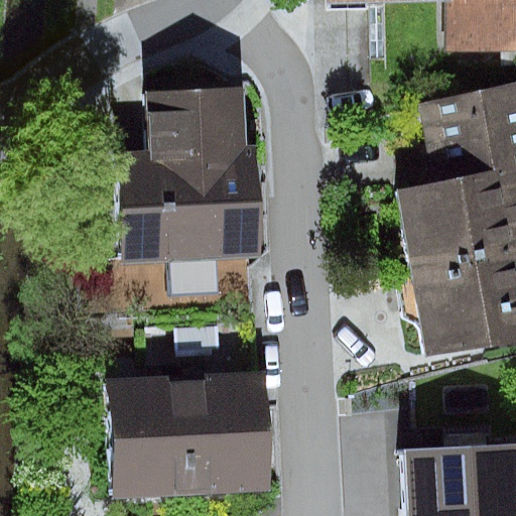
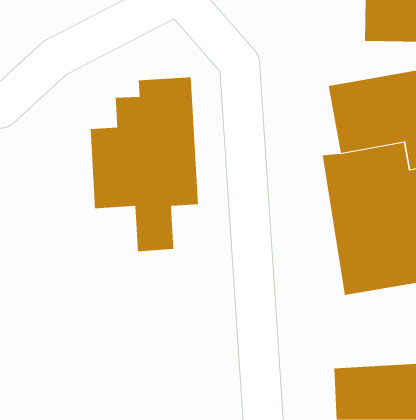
building: [115,375,260,491] -> none

